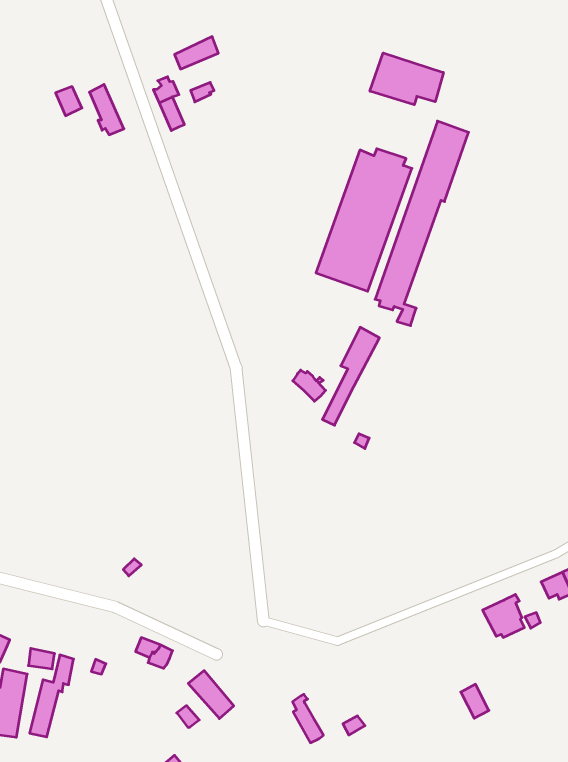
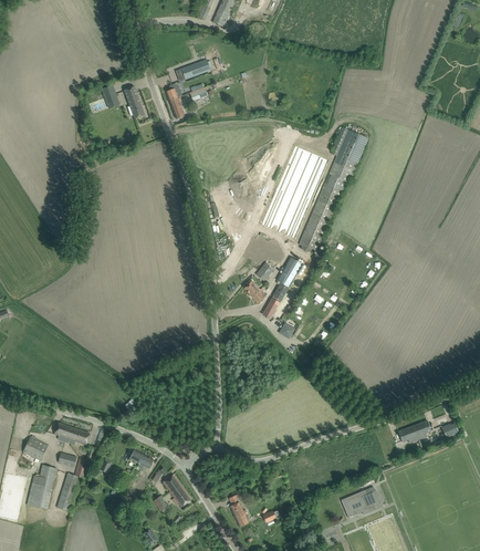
building: [370,53,443,105] -> none
building: [483,594,524,637] -> [351,486,377,513]
building: none -> [54,422,91,444]

